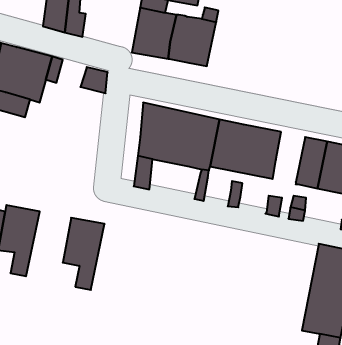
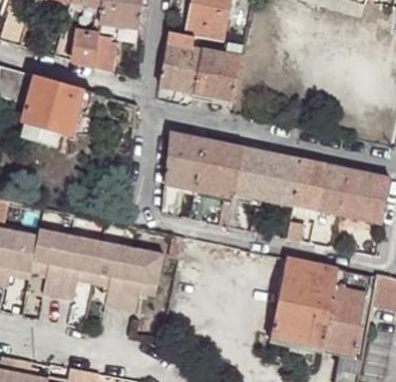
building: none -> [295,160,326,211]
building: none -> [58,237,101,302]
building: none -> [120,249,163,315]
building: none -> [270,257,339,351]

